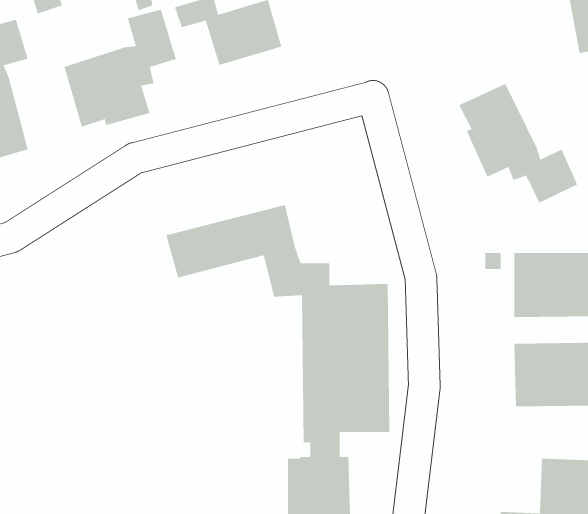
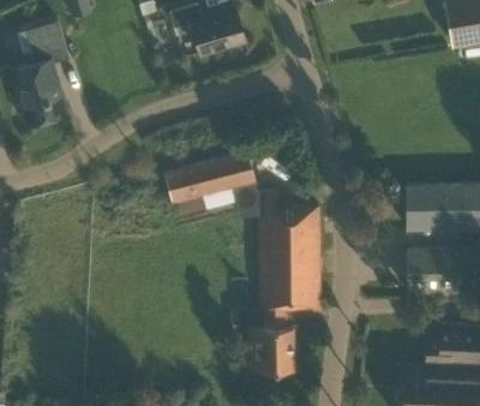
building: [64,9,177,128] -> none
building: [459,83,578,204] -> none

